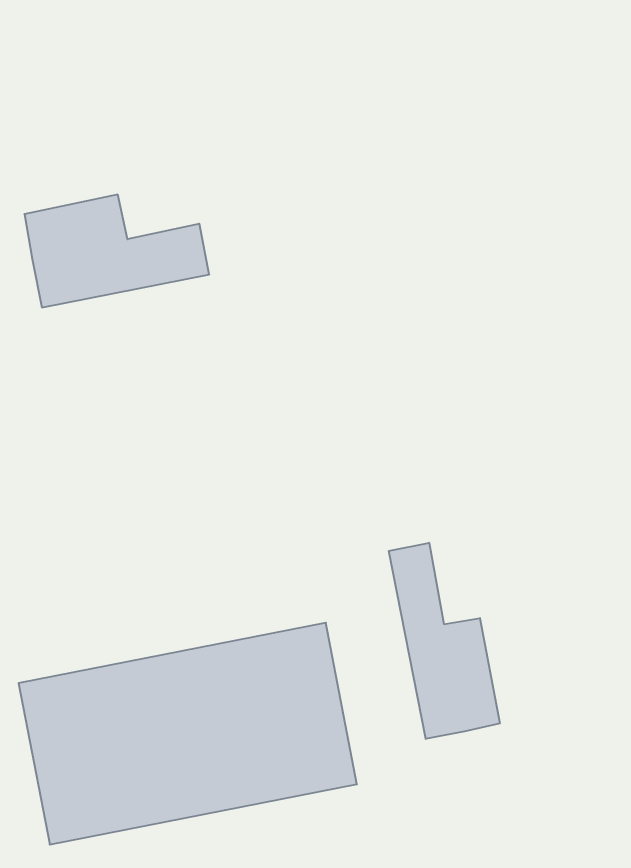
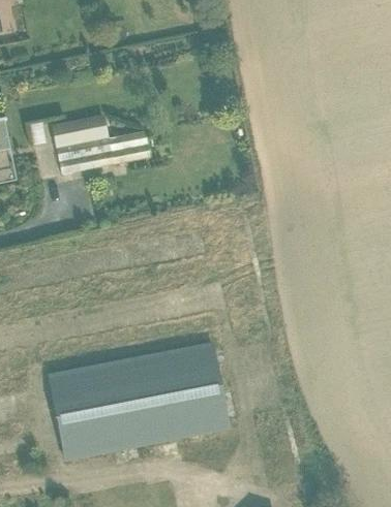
building: [389,543,500,739] -> none

